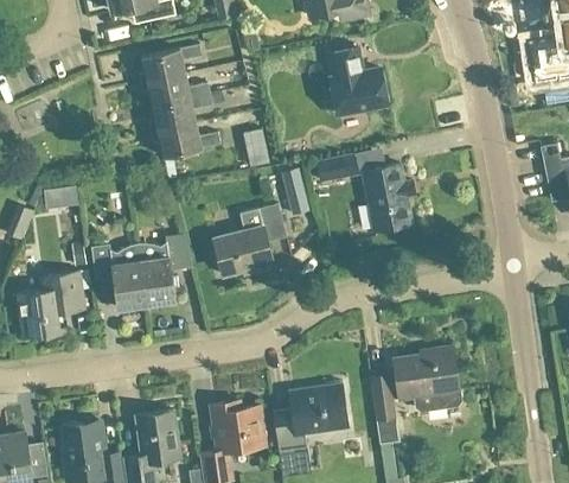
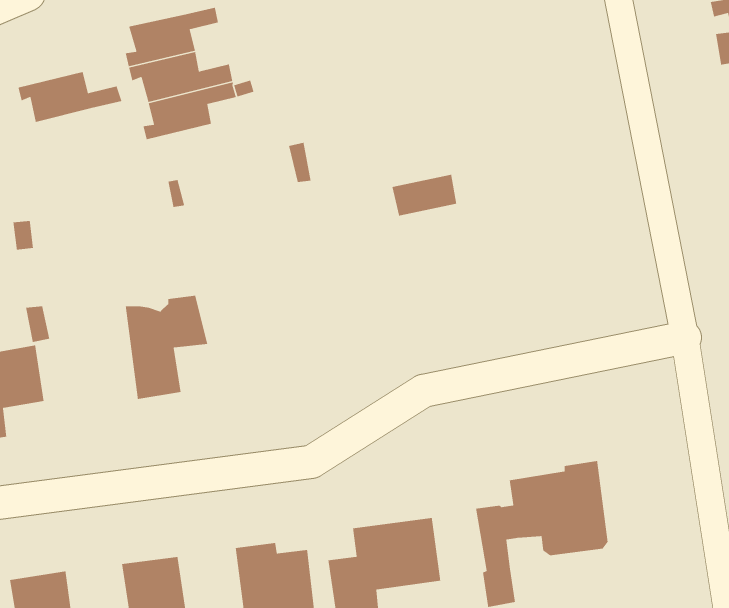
building: [330,46,388,113] -> none
building: [152,122,222,157] -> [17,71,122,123]
building: [363,166,413,233] -> none
building: [281,169,311,215] -> none
building: [213,203,287,274] -> none
building: [91,243,146,310] -> none

